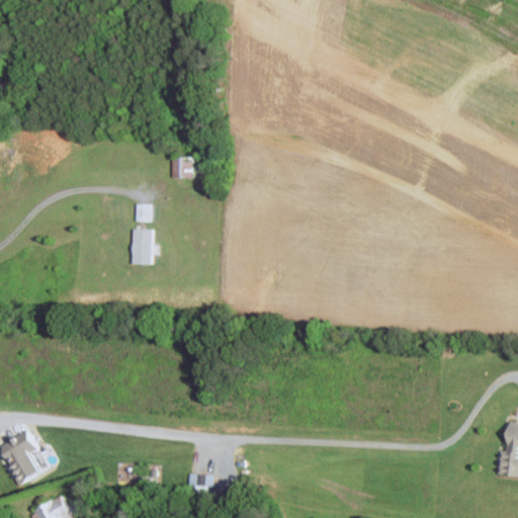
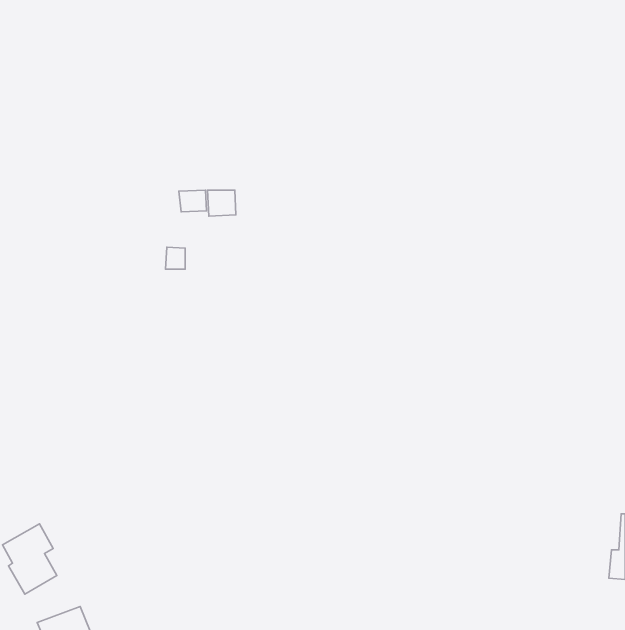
building: none -> [179,190,207,212]
building: [133,229,152,264] -> none

